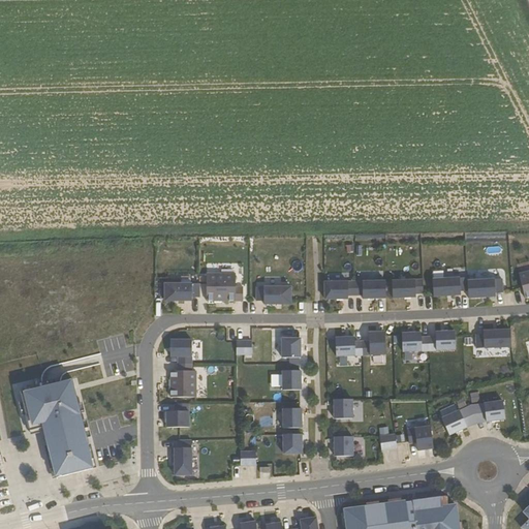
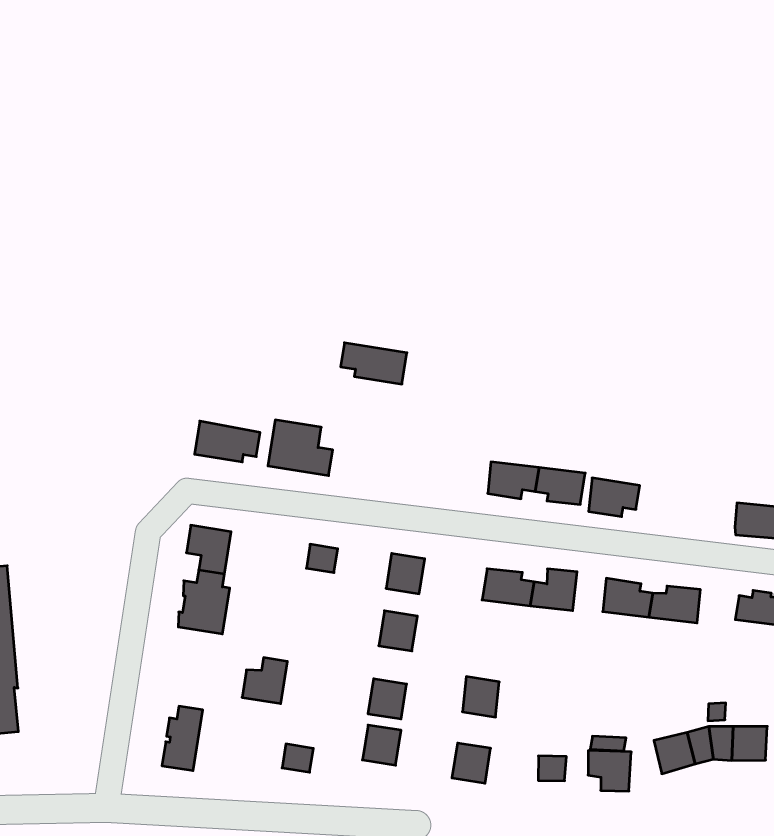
building: [432,279,467,299] -> none
building: [255,285,290,303] -> [341,343,407,384]
building: [166,402,188,426] -> [242,658,287,704]

